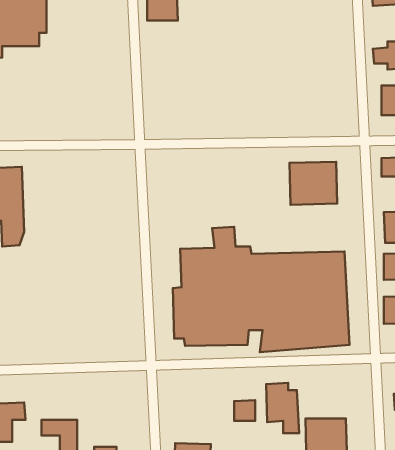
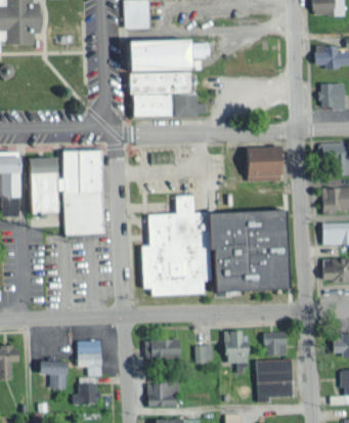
building: none -> [118,39,213,116]
building: none -> [25,149,103,234]
building: none -> [266,332,287,354]
building: none -> [147,339,181,358]
building: none -> [78,340,106,376]

